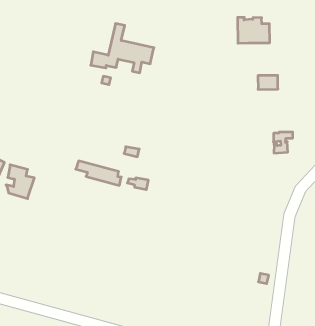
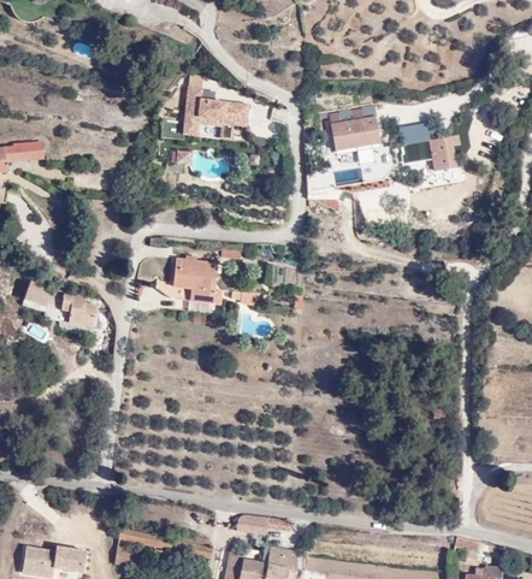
building: [238,17,270,43] -> [332,110,382,149]
building: [273,132,293,153] -> [433,137,461,170]
building: none -> [161,259,220,284]

